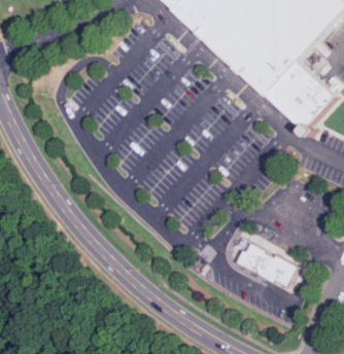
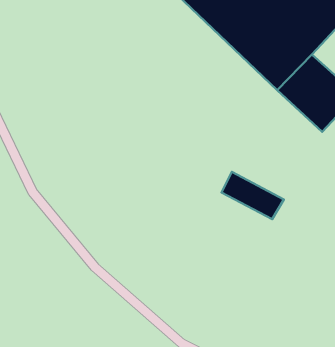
building: [242,241,298,283] -> [221,172,284,219]

